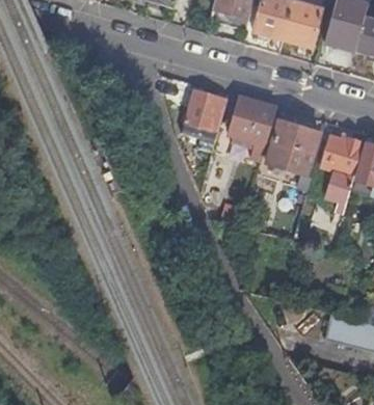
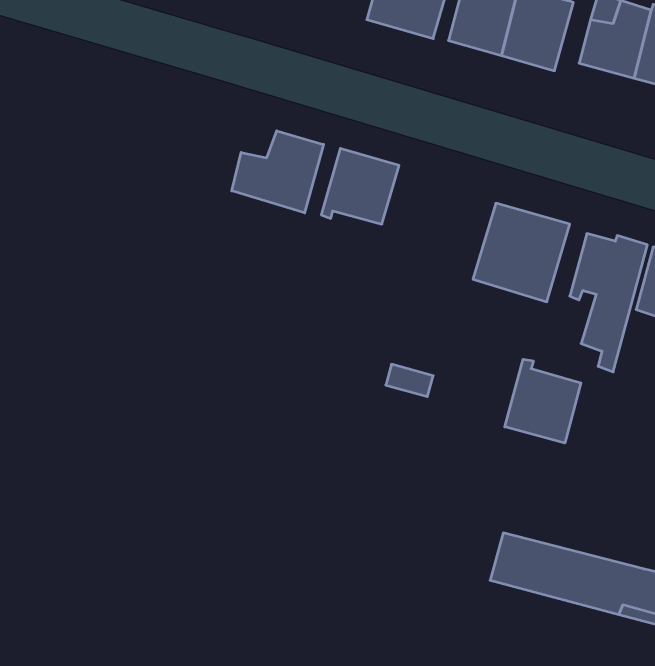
building: none -> [232,131,324,213]
building: [230,97,276,150] -> none
building: none -> [505,359,581,443]

